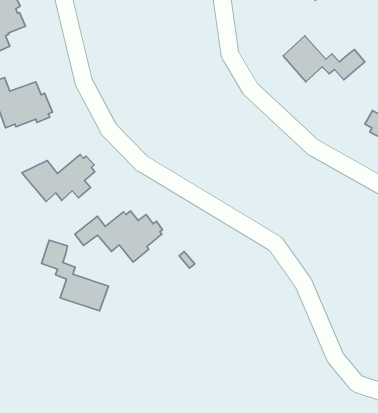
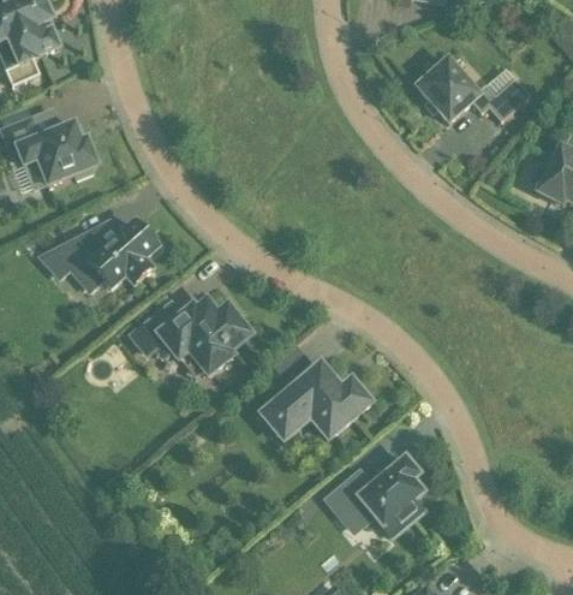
building: [41,240,109,311] -> none
building: none -> [262,363,370,438]
building: none -> [324,456,425,536]

